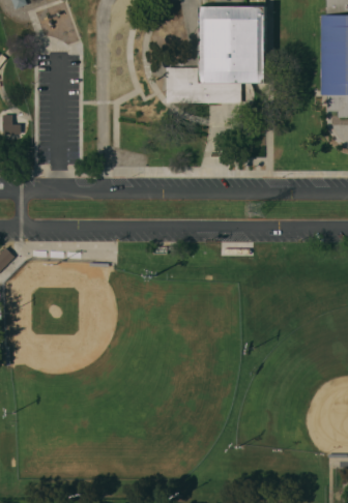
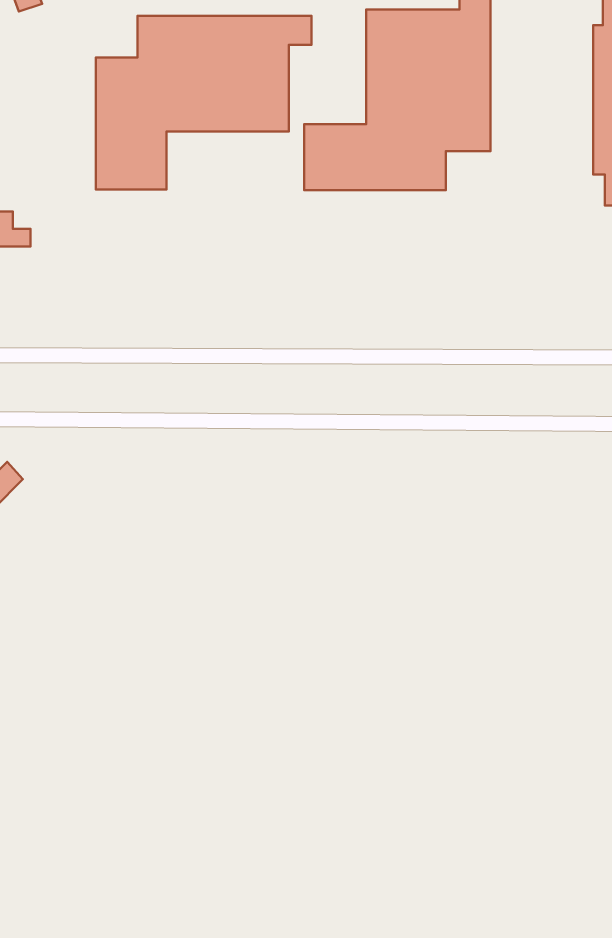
building: none -> [96,16,311,190]

